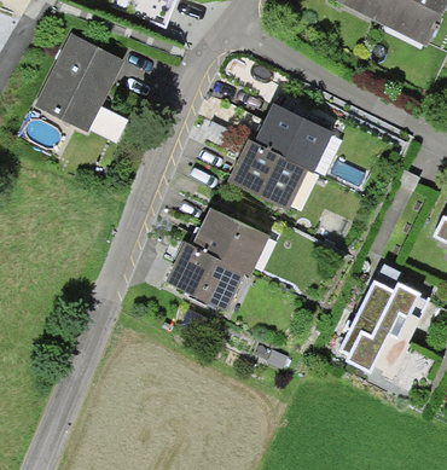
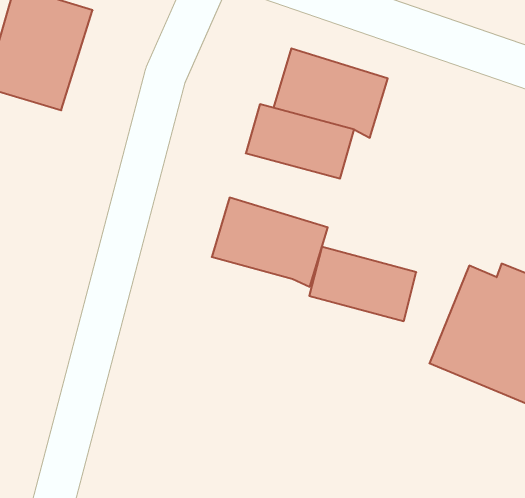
building: [167,248,248,309] -> [309,247,416,321]

